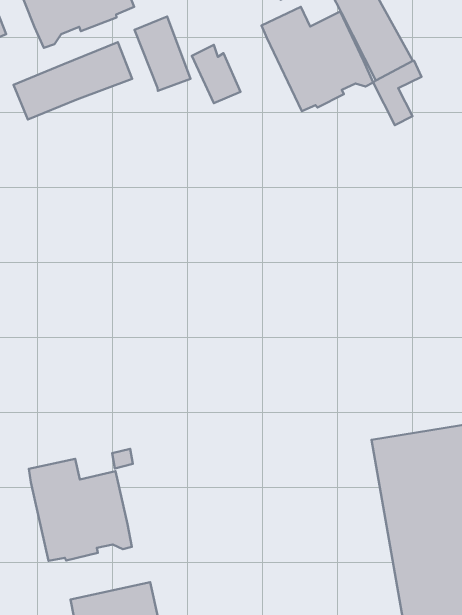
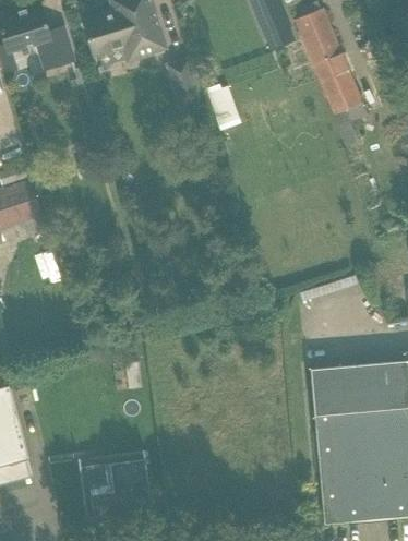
building: [262,7,373,111] -> none
building: [14,42,132,120] -> none
building: [29,459,132,561] -> none

